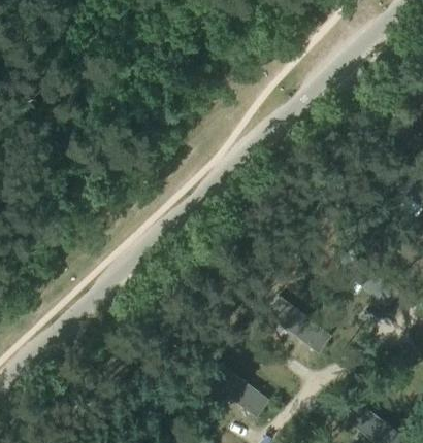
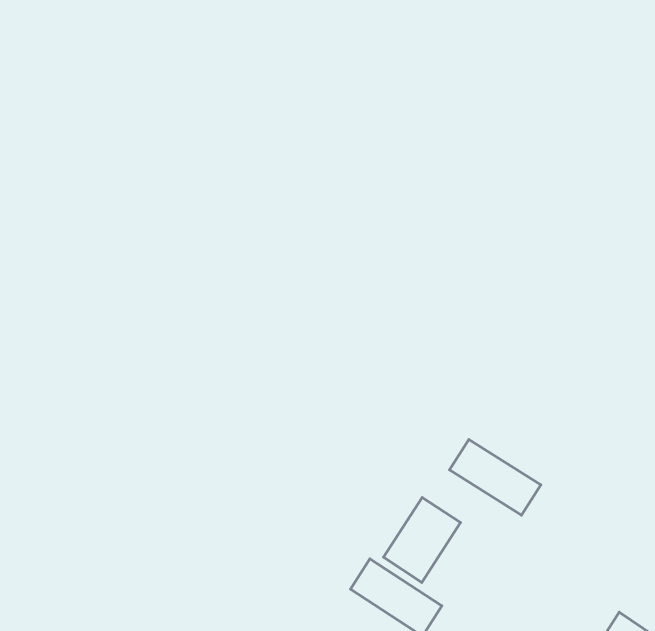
building: none -> [383,497,461,582]

